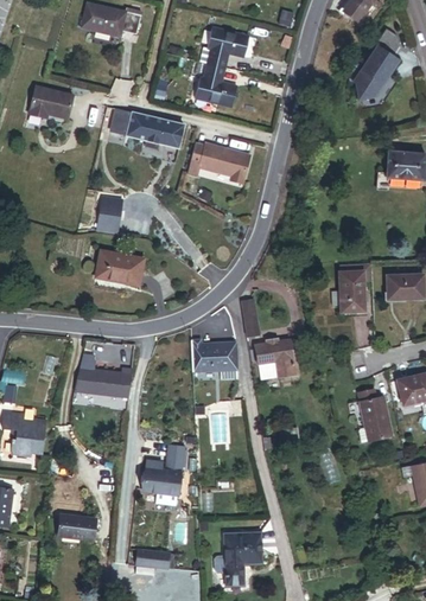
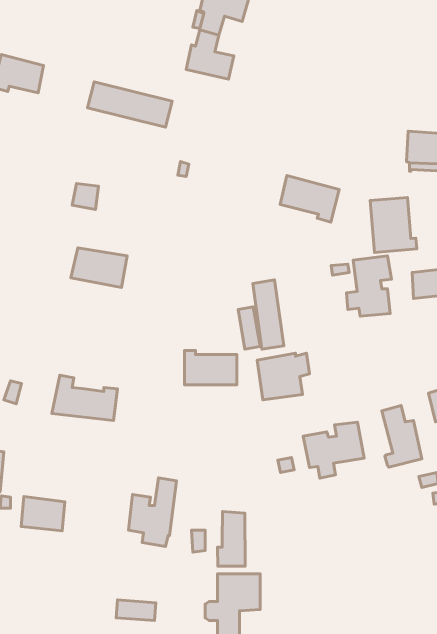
building: [350,41,396,97] -> none
building: [198,142,249,183] -> [280,176,339,222]
building: none -> [370,198,417,252]
building: none -> [253,280,284,349]
building: none -> [303,422,364,478]
building: none -> [218,511,245,566]
building: [55,517,93,546] -> [21,497,65,531]

